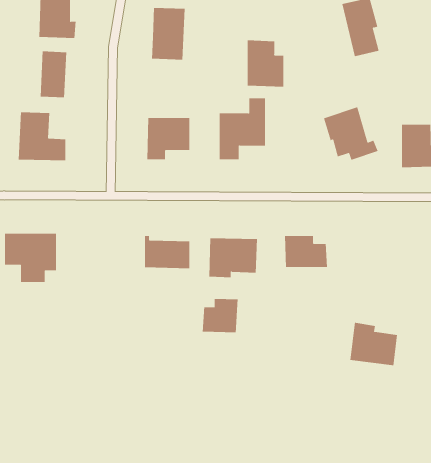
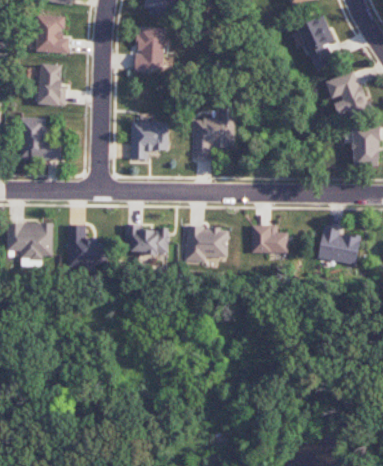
building: [247,40,284,88] -> none
building: [323,107,378,160] -> [325,71,373,118]
building: none -> [67,225,107,267]
building: [202,298,238,333] -> none
building: [349,322,398,366] -> [317,226,359,264]

